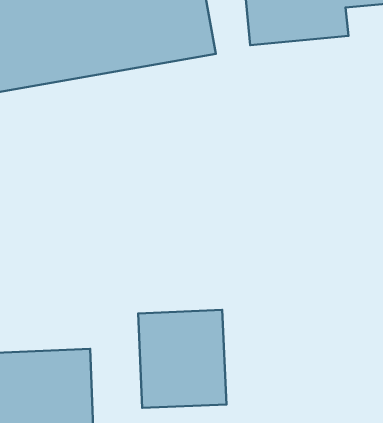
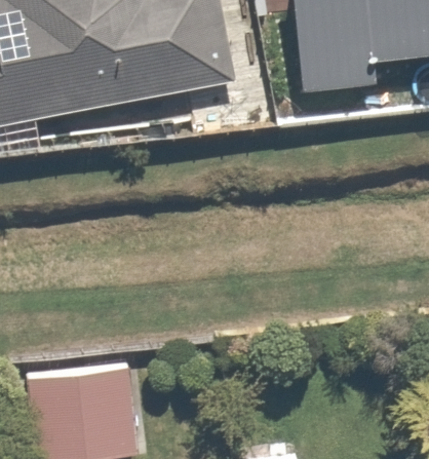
building: [138,310,226,408] -> none

